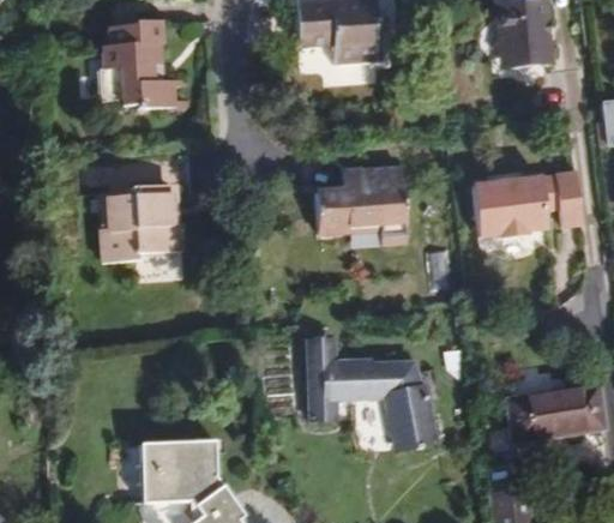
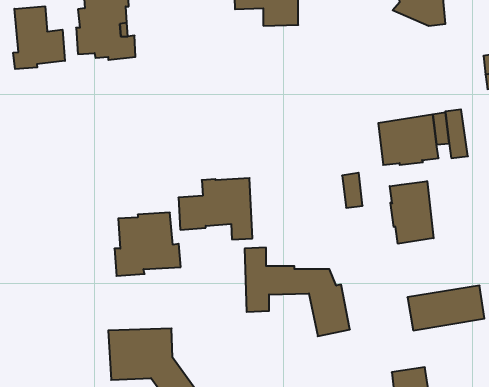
building: none -> [13,6,65,69]
building: [314,169,405,245] -> [178,178,252,239]
building: [104,184,186,262] -> [114,213,181,276]
building: none -> [390,181,434,244]

